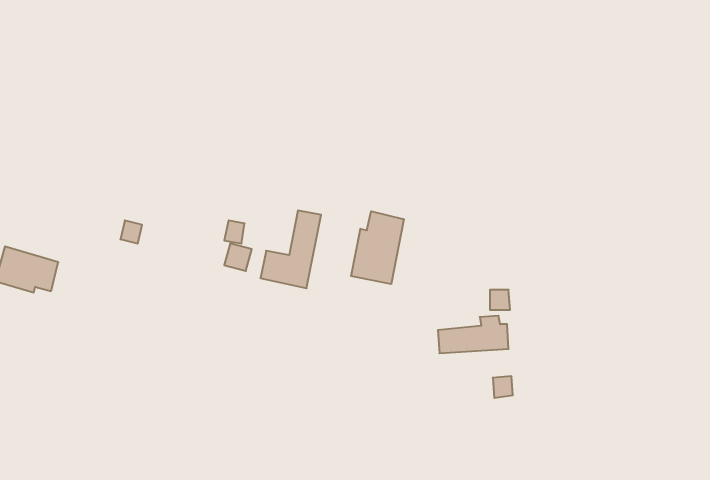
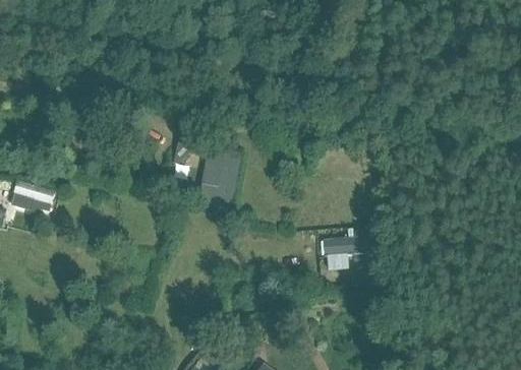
building: [351,211,404,284] -> none

